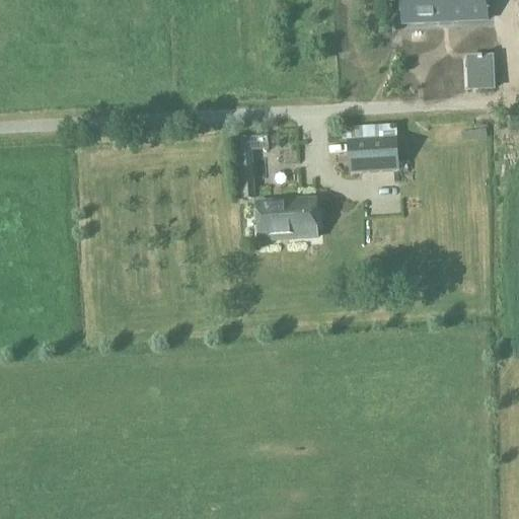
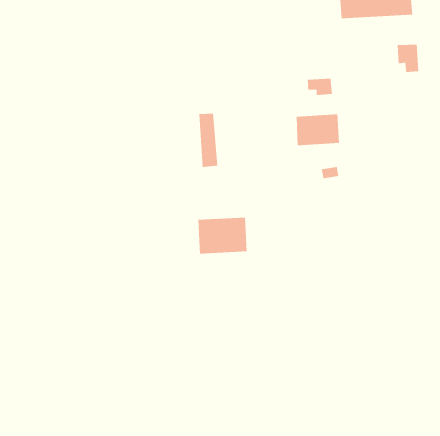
building: none -> [307,78,332,96]
building: [258,196,317,239] -> [198,217,248,254]

